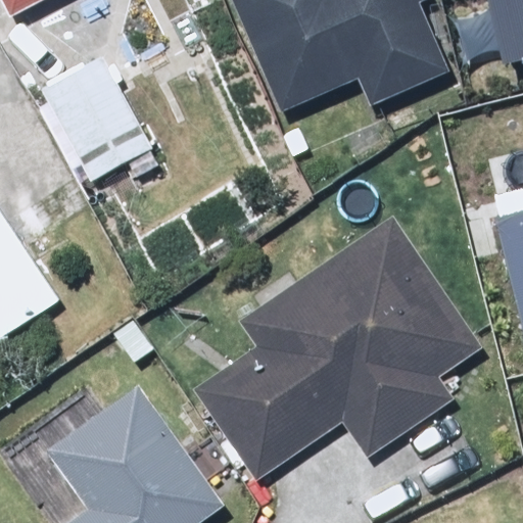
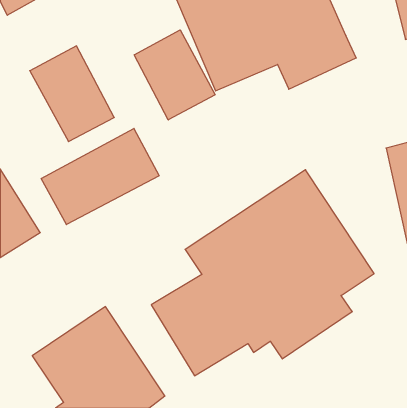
building: none -> [134,30,215,120]
building: none -> [41,128,159,225]

